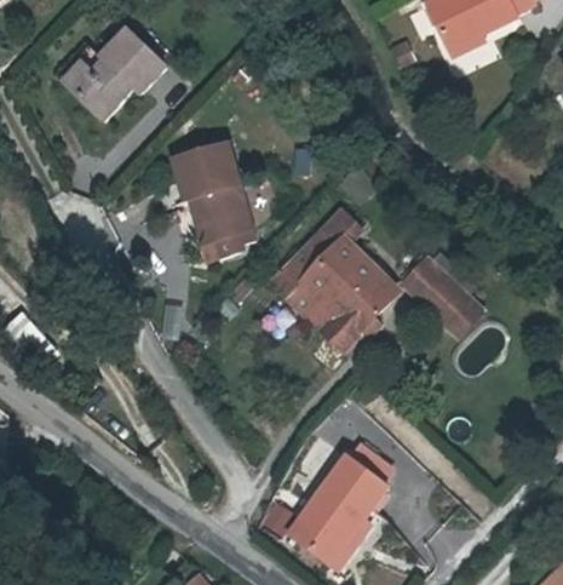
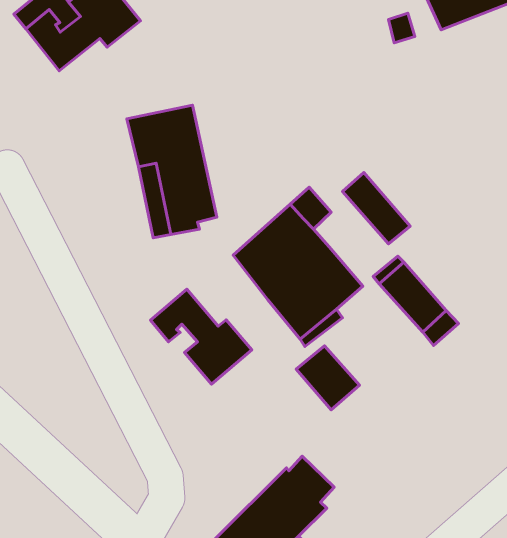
building: none -> [343,172,410,244]
building: none -> [150,289,252,384]
building: none -> [296,346,359,410]

